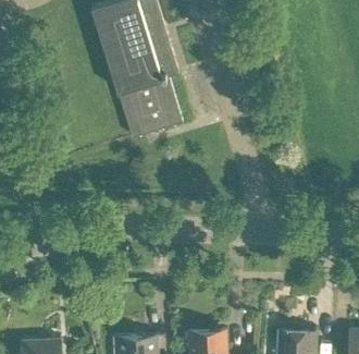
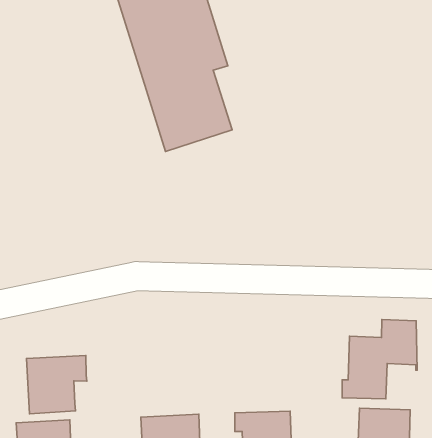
building: none -> [342,320,417,399]
building: none -> [26,356,87,414]

